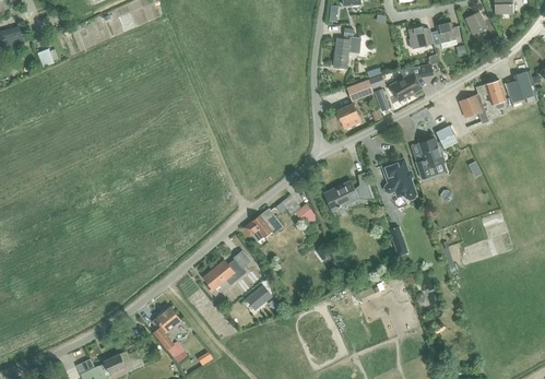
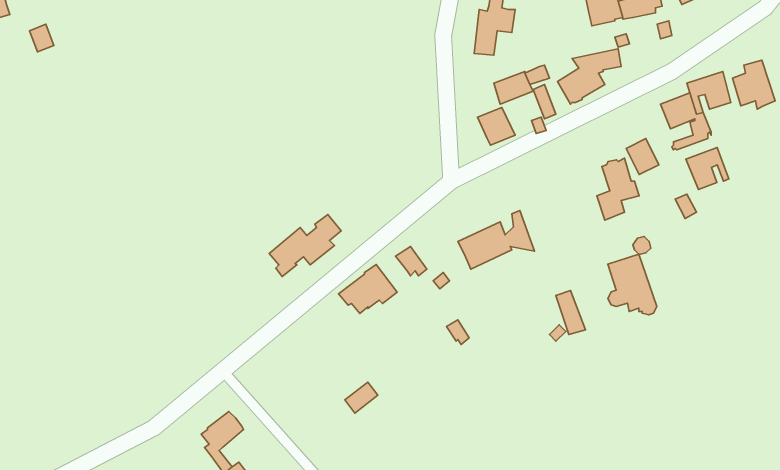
building: none -> [686,147,729,189]
building: [383,158,416,199] -> [608,254,657,315]
building: [203,251,251,293] -> [269,214,341,276]

